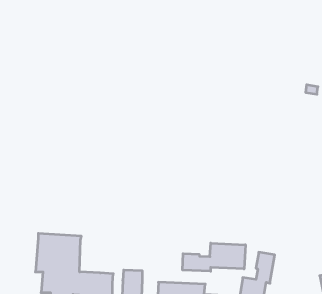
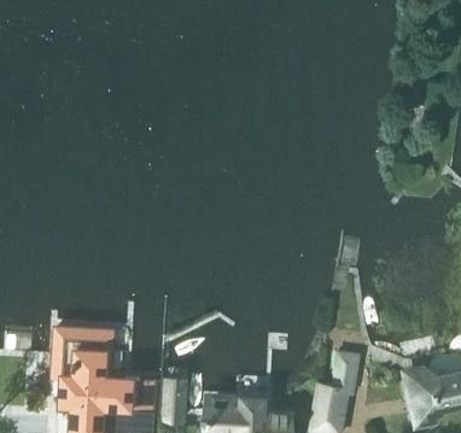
building: [183,243,245,271] -> none

